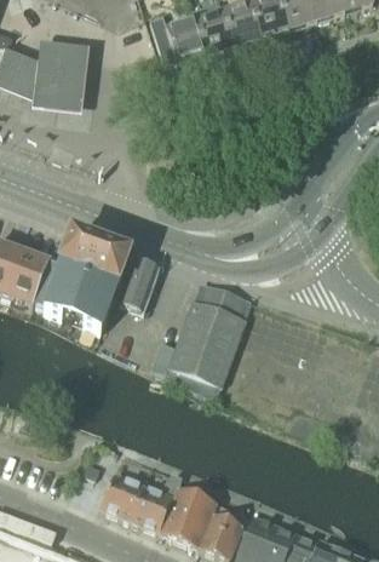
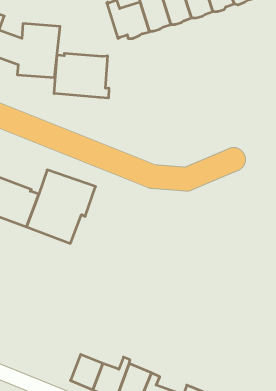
building: none -> [54,53,109,98]
building: [120,254,160,306] -> none
building: [153,281,248,395] -> none

